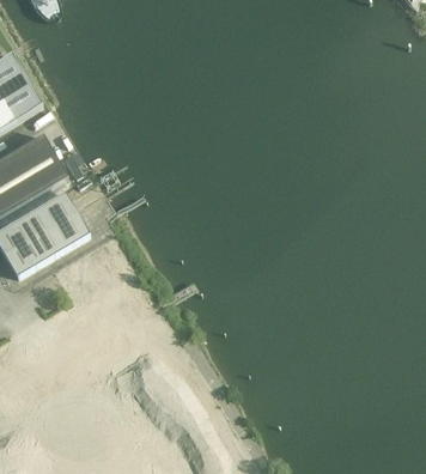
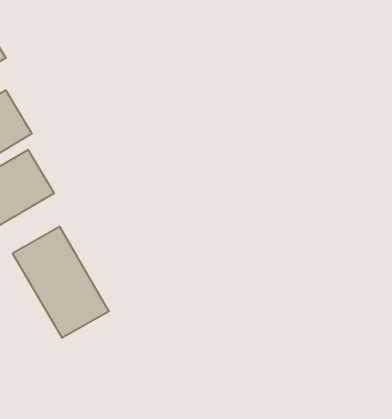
building: none -> [13,227,109,338]

